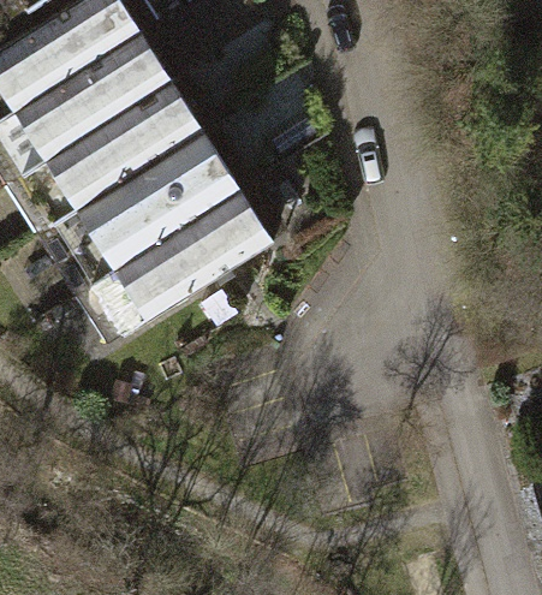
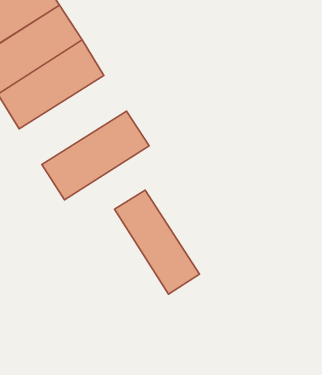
building: [75,142,234,274] -> none
building: none -> [115,190,199,294]

